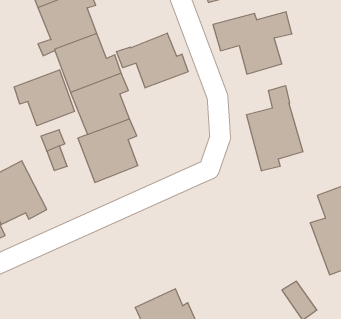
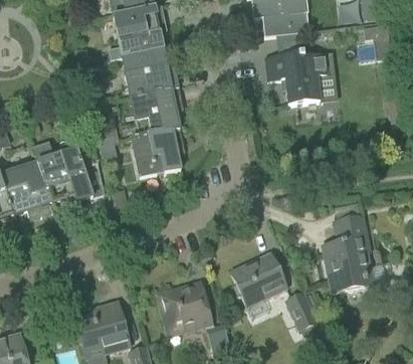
building: [116,33,188,88] -> none
building: [14,70,74,126] -> none
building: [247,86,303,171] -> none
building: none -> [230,254,286,305]

